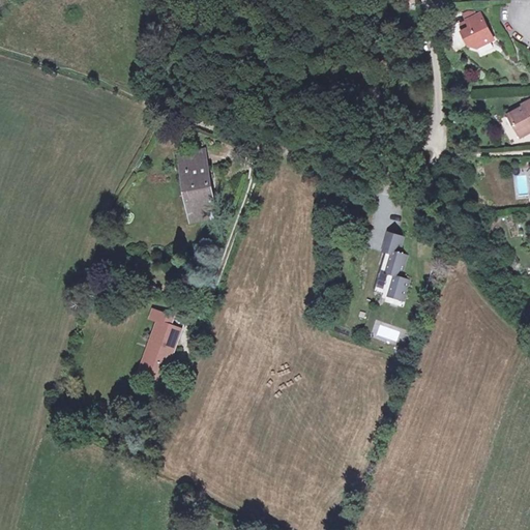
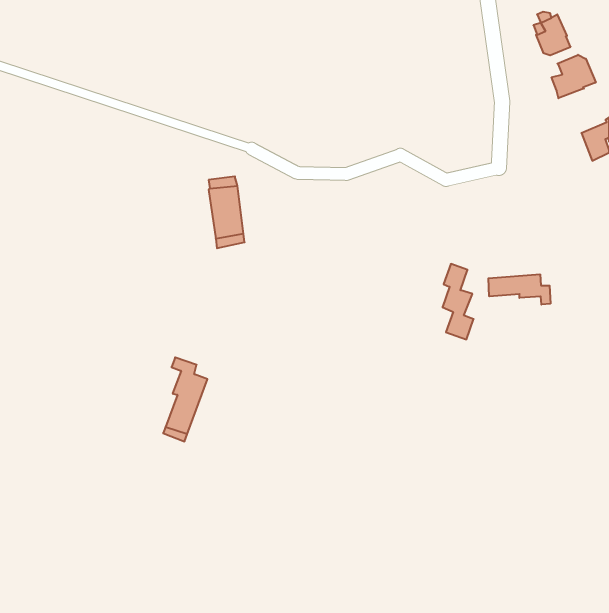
building: none -> [552,55,596,98]
building: none -> [488,274,550,305]

